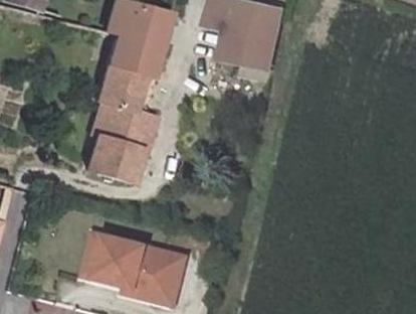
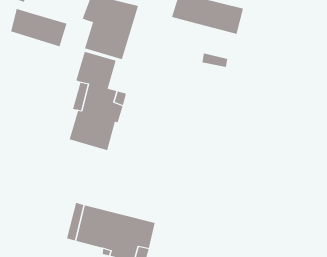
building: none -> [10,8,67,47]
building: [223,28,282,67] -> none

